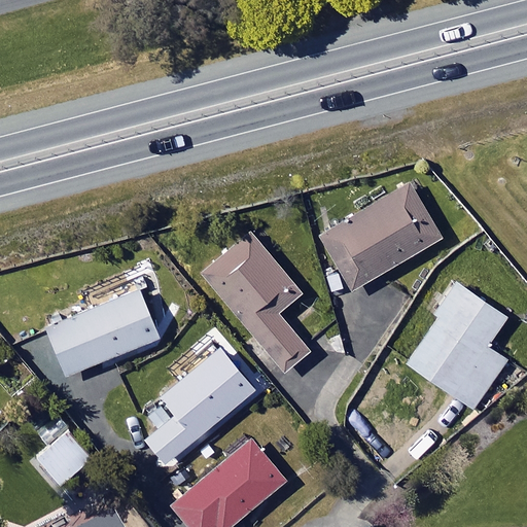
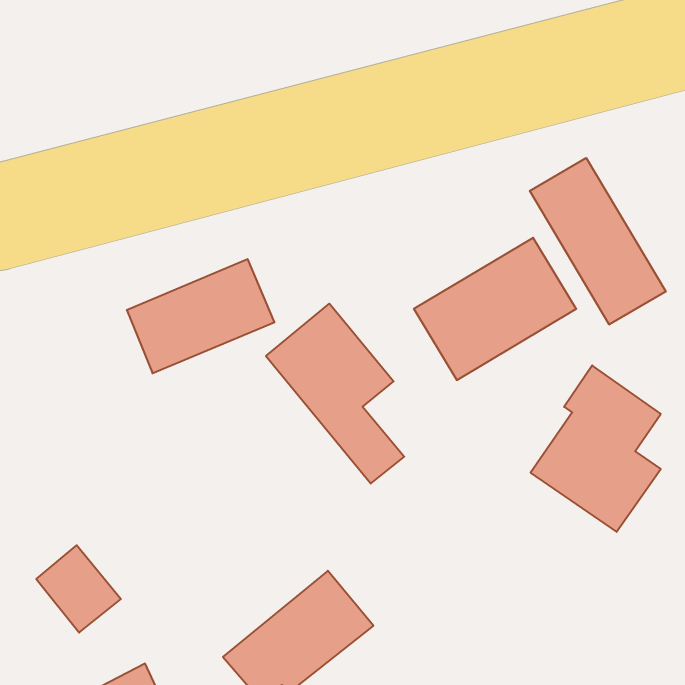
building: none -> [530,158,666,325]
building: [47,288,161,376] -> [127,259,275,373]
building: [147,350,254,465] -> none

